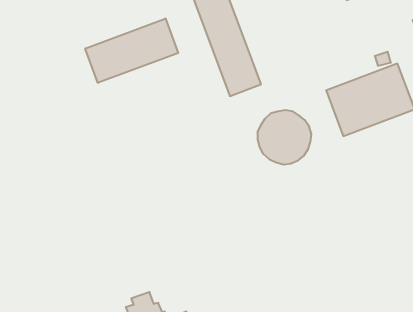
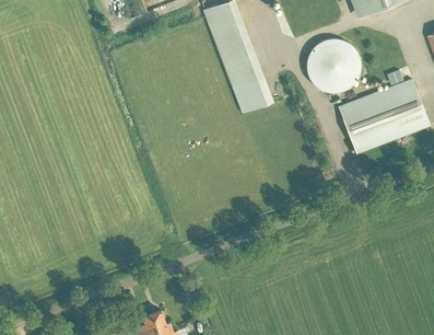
building: [85,18,178,83] -> none
building: [257,110,311,164] -> [306,38,361,93]

